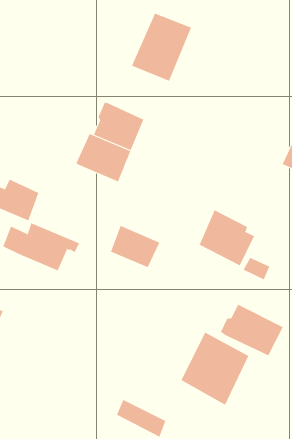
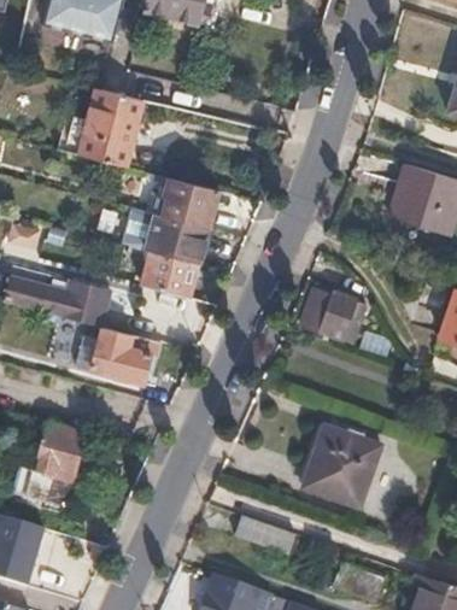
building: [131,13,192,82] -> [80,87,143,164]
building: [110,225,160,268] -> [141,252,198,297]
building: [220,304,284,356] -> none

